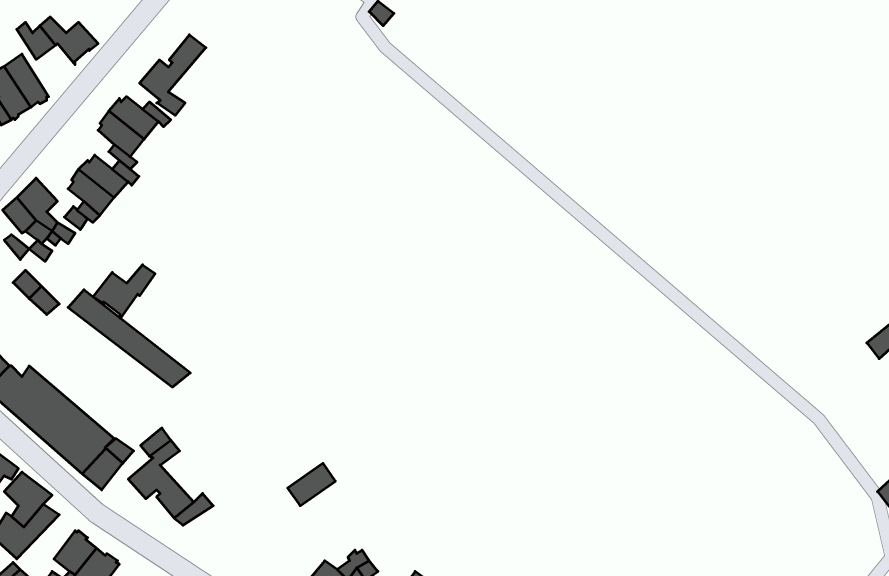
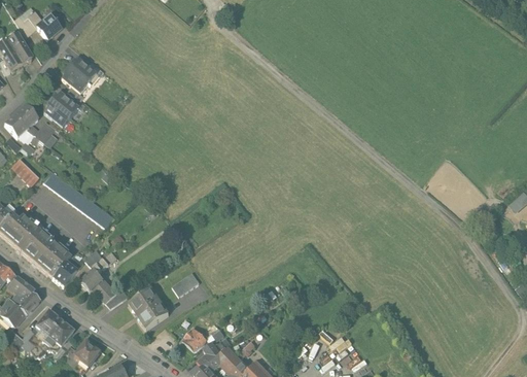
building: [140,35,206,115] -> none
building: [93,265,155,318] -> none
building: none -> [130,287,169,328]

